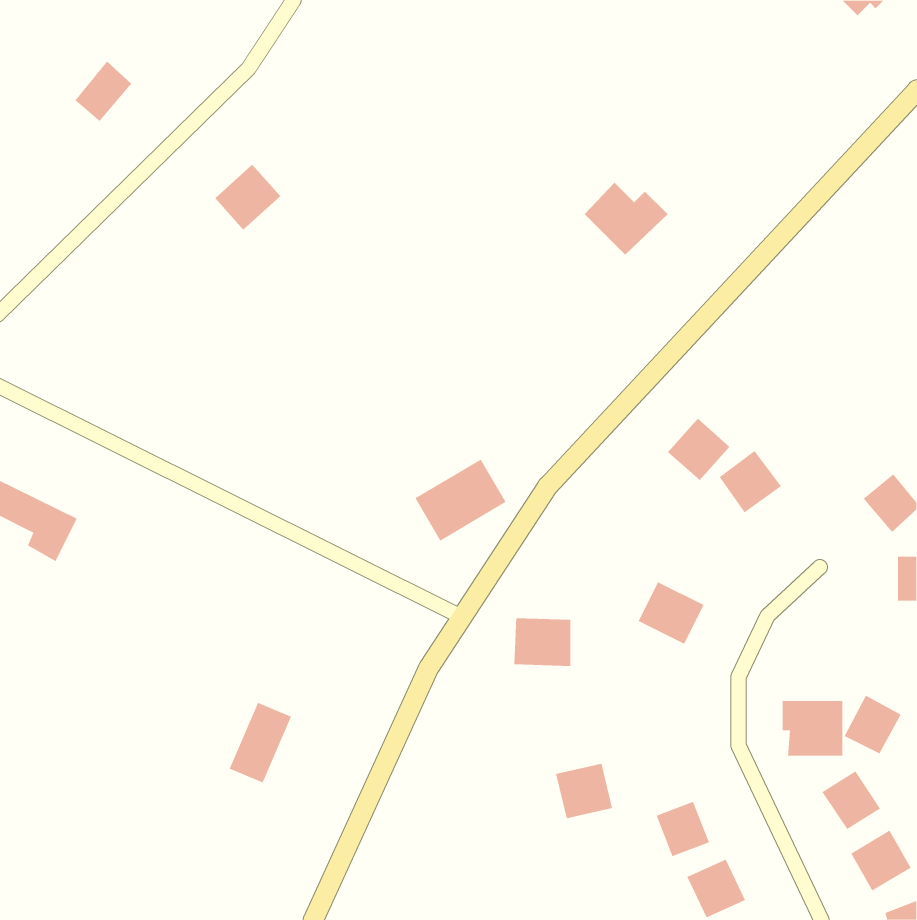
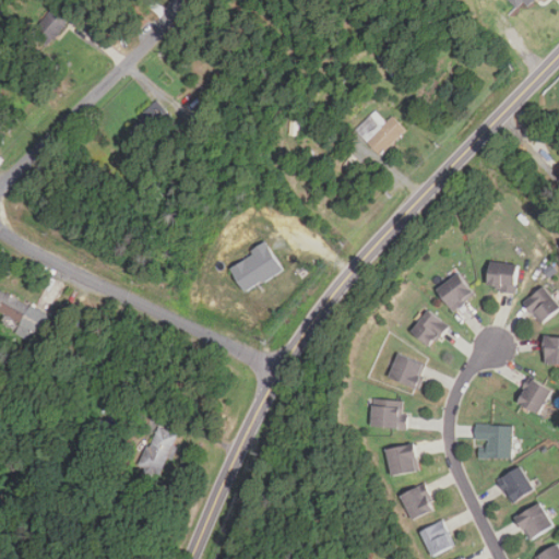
building: [75,60,132,122] -> [33,5,68,43]
building: [667,418,730,481] -> [409,310,448,348]
building: none -> [486,262,516,292]
building: [415,459,506,542] -> [221,242,276,293]
building: [514,618,571,666] -> [370,400,405,429]
building: [844,695,901,754] -> [516,379,551,415]
building: [555,763,613,819] -> [382,443,417,477]

